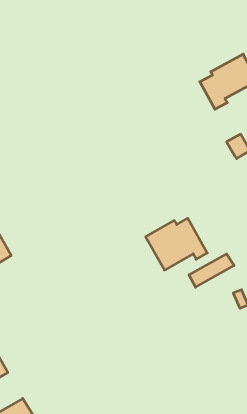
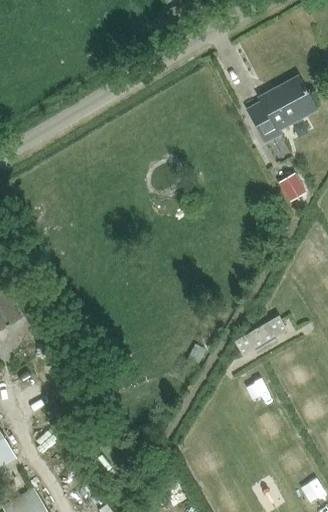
building: [146,218,207,270] -> none

